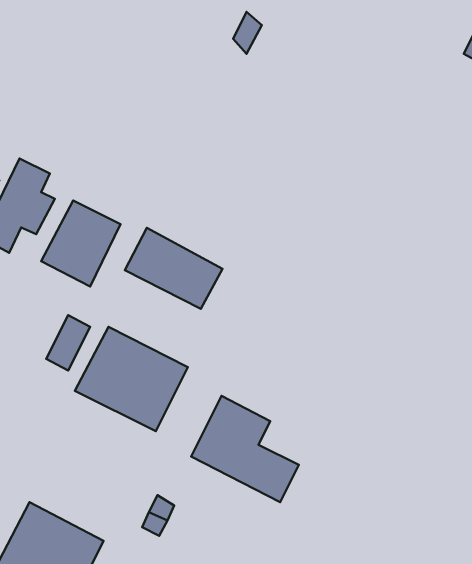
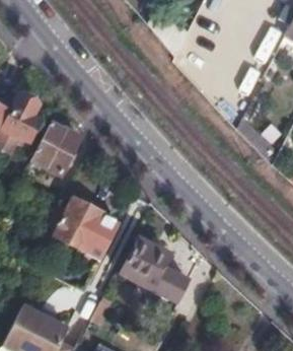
building: [125,228,223,309] -> none

